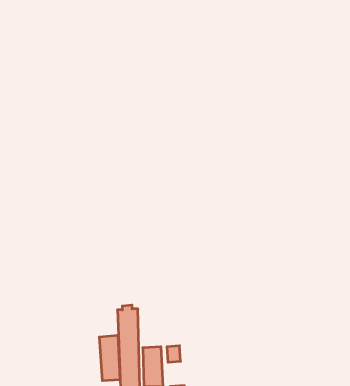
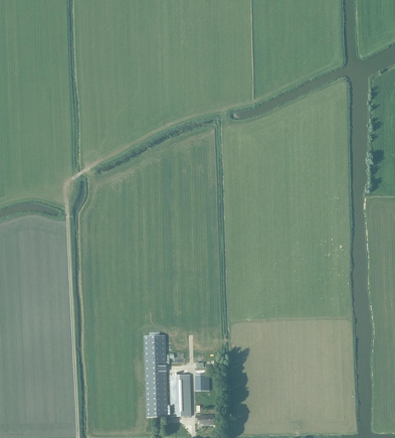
building: [99,335,120,381] -> none

